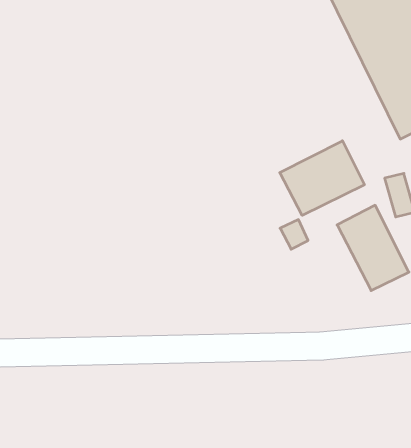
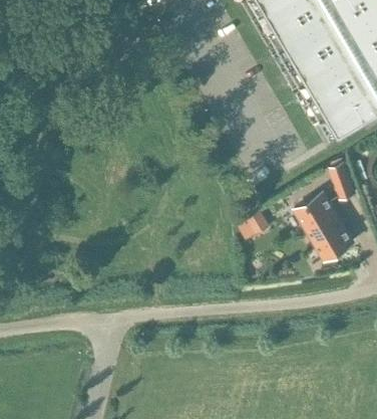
building: [280,141,364,215] -> none

